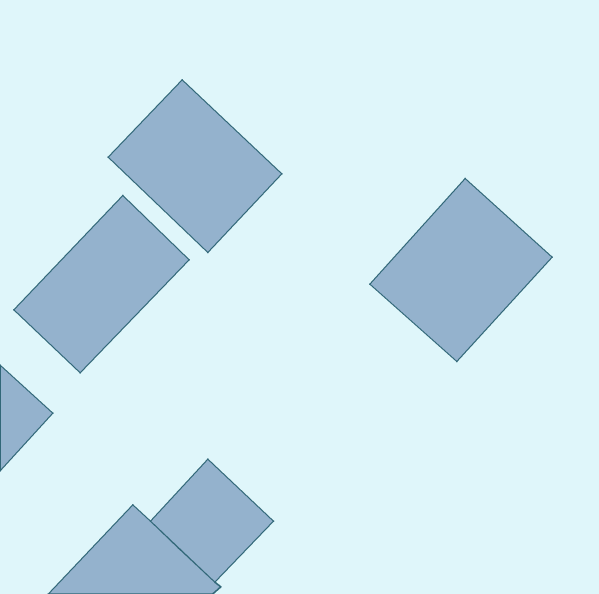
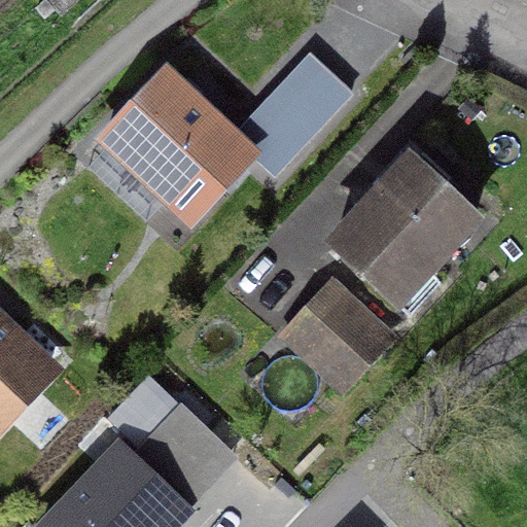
building: none -> [242,48,352,161]
building: [14,195,189,373] -> none
building: none -> [293,273,394,374]

